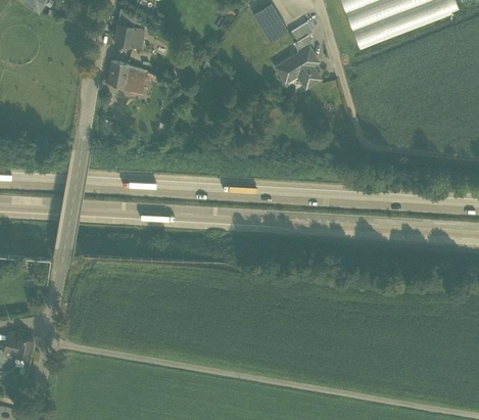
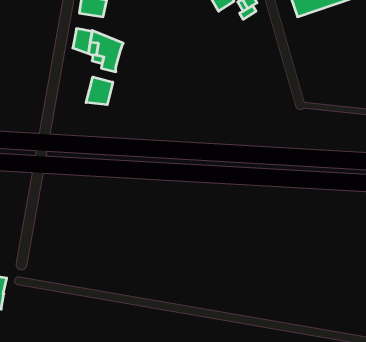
building: [274,44,320,87] -> none
building: none -> [86,77,113,105]

